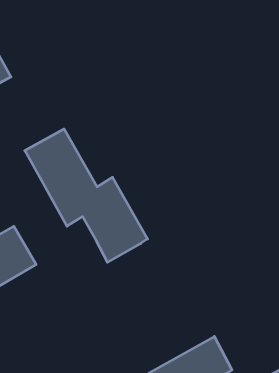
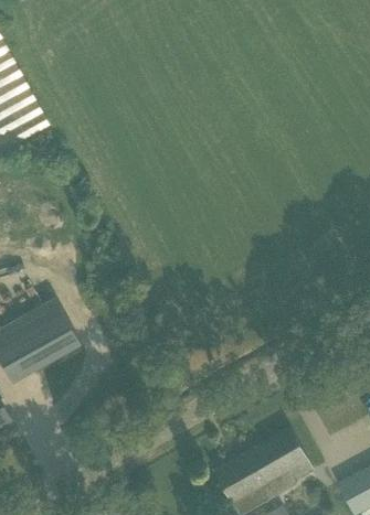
building: [25,129,148,262] -> none

